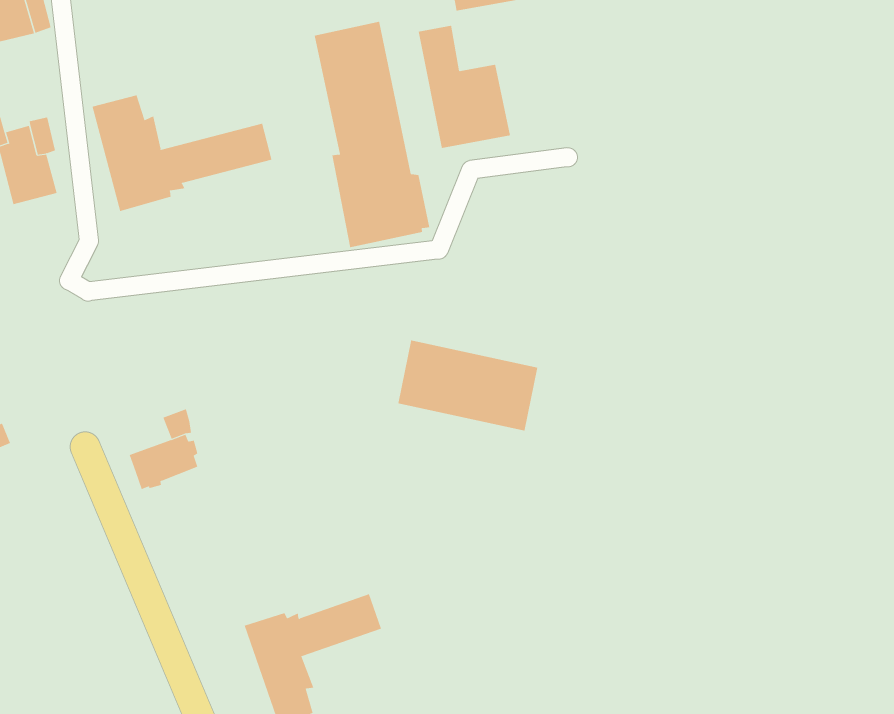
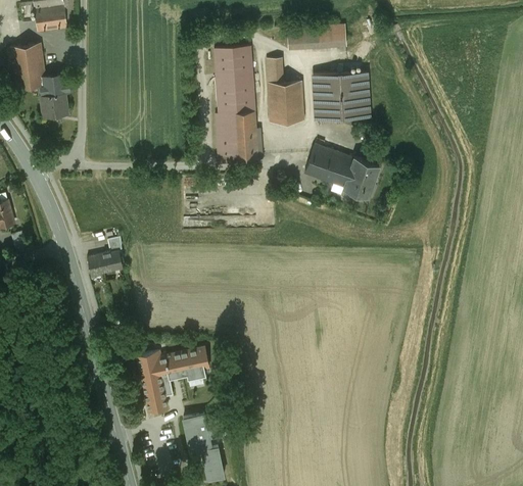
building: none -> [314,71,369,120]
building: [92,95,272,212] -> none
building: [398,340,538,431] -> [305,140,382,196]

